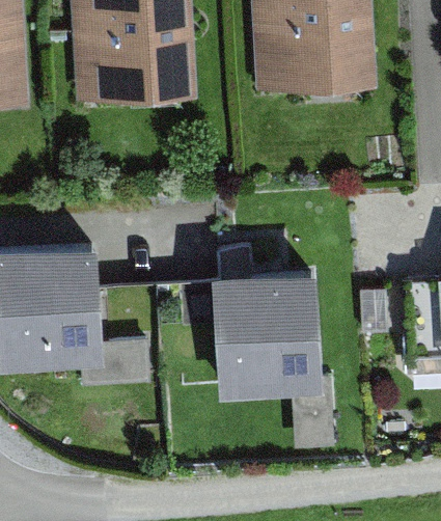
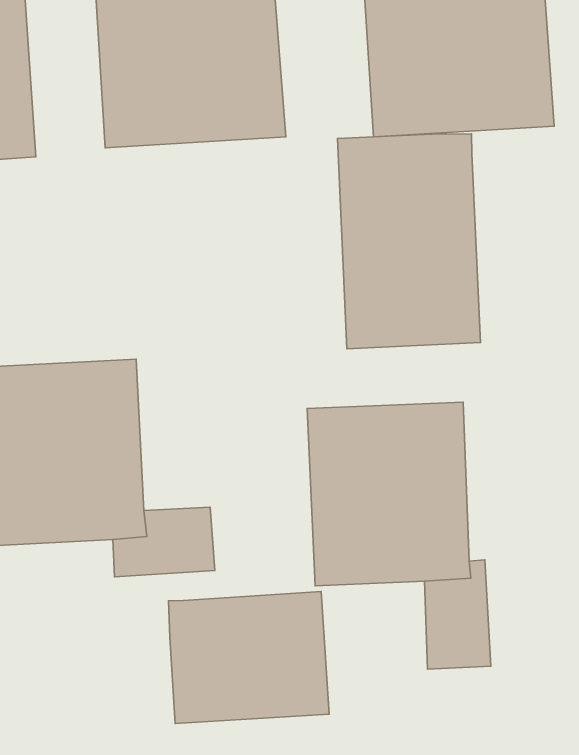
building: none -> [338,134,481,349]
building: none -> [169,591,329,724]

